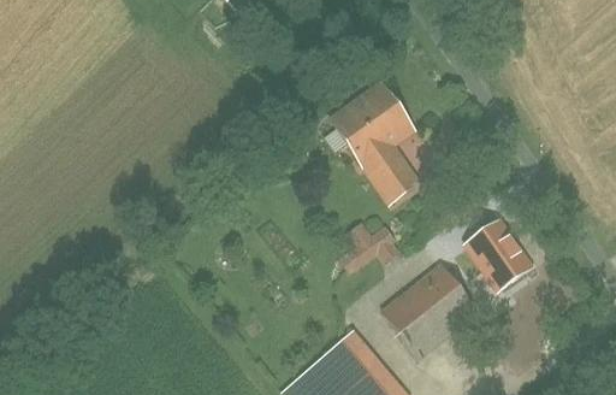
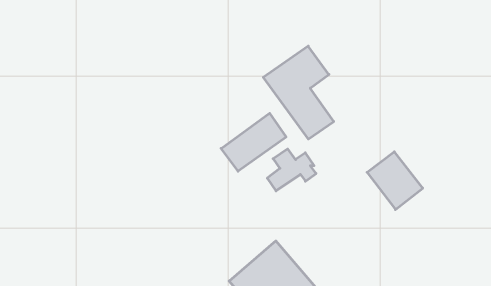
building: none -> [221,113,286,171]
building: [386,257,487,354] -> none

